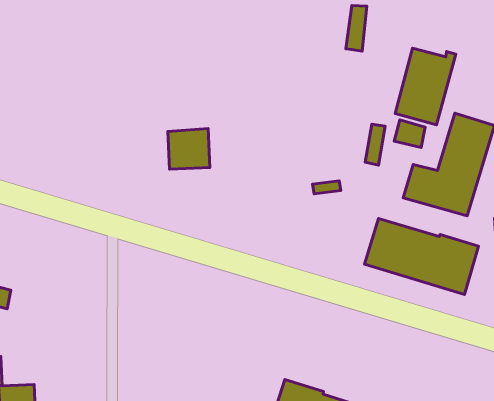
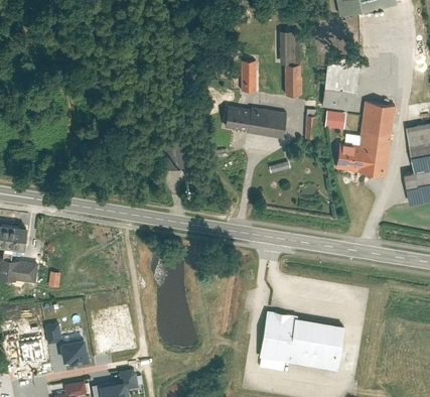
building: none -> [241,62,256,92]
building: none -> [284,65,301,96]
building: none -> [225,106,286,140]
building: [364,218,478,295] -> none

